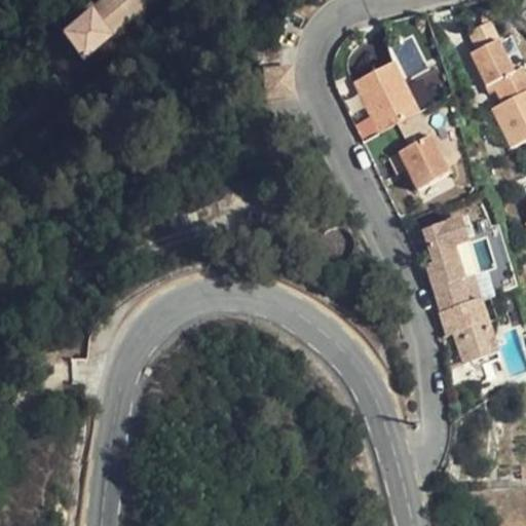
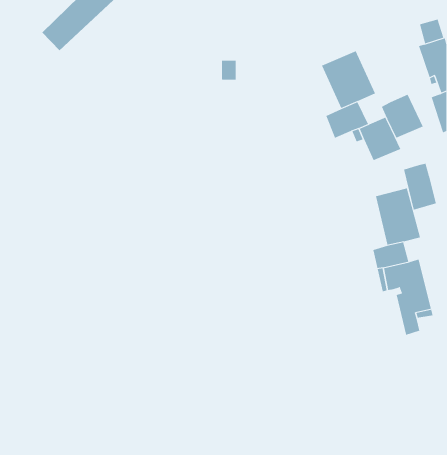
building: none -> [381,94,424,139]
building: none -> [404,163,436,211]

